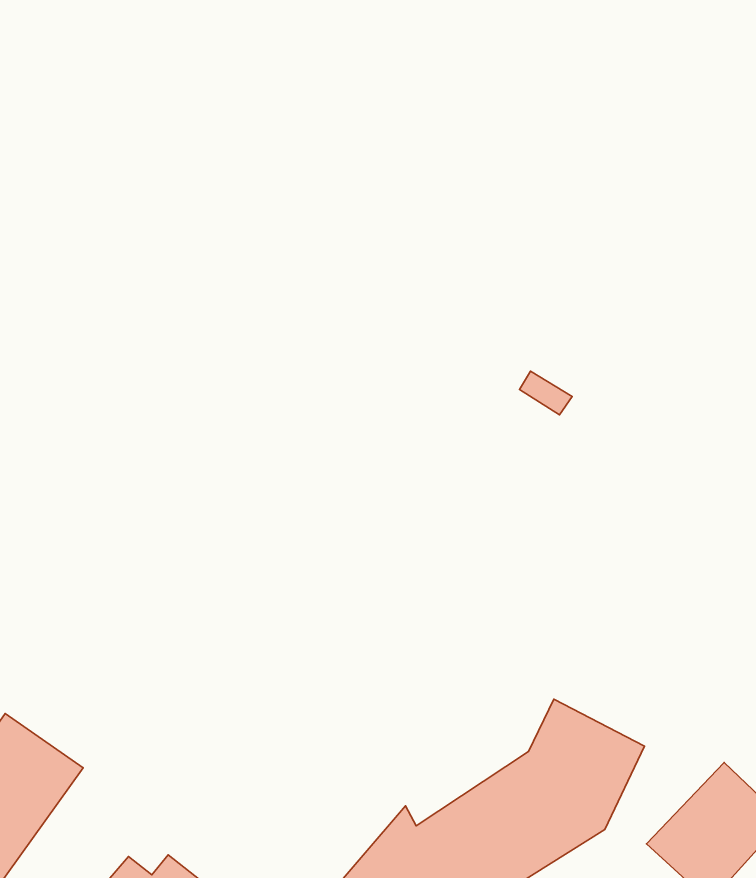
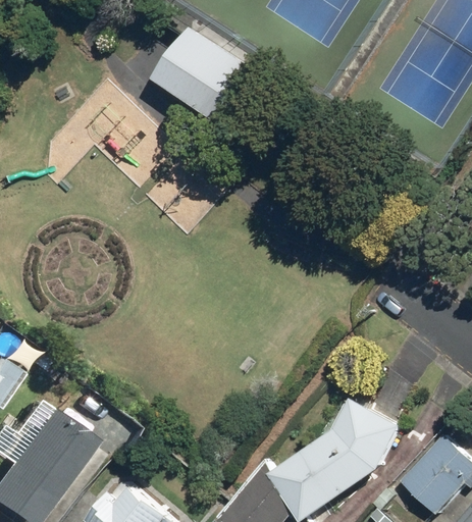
building: none -> [151,23,257,125]

